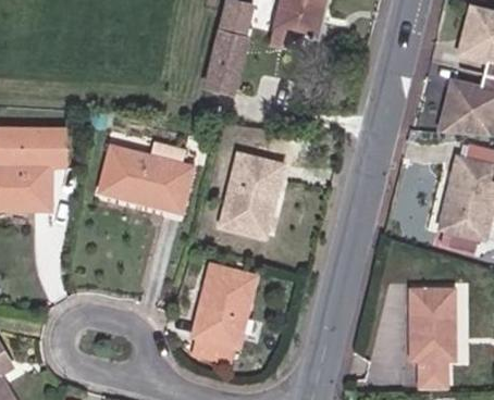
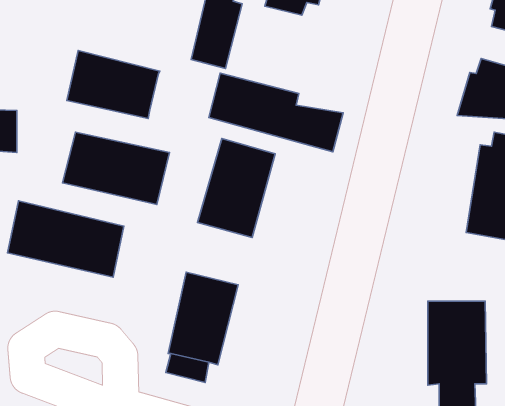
building: none -> [67,51,160,118]
building: none -> [209,73,343,152]
building: none -> [7,201,124,277]

